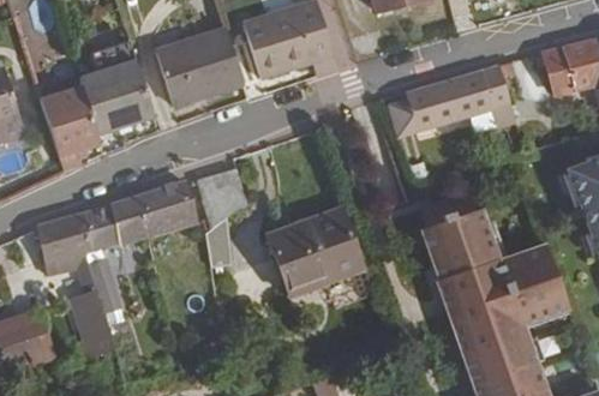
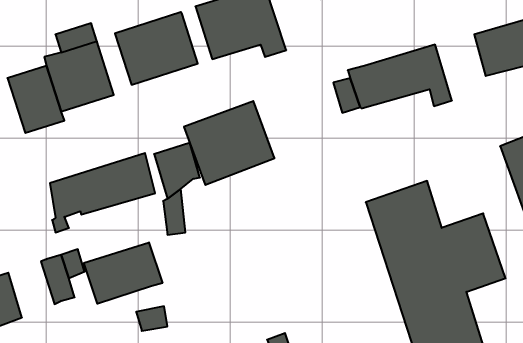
building: [266,208,364,298] -> [184,101,275,185]
building: [38,212,91,263] -> none
building: none -> [84,242,162,304]

